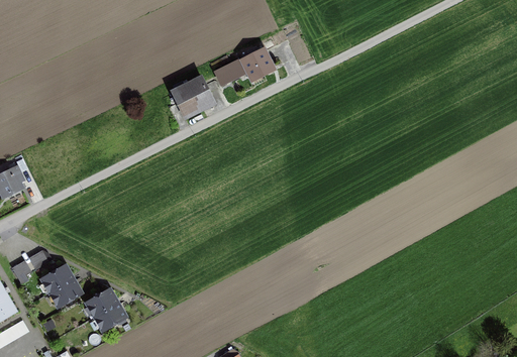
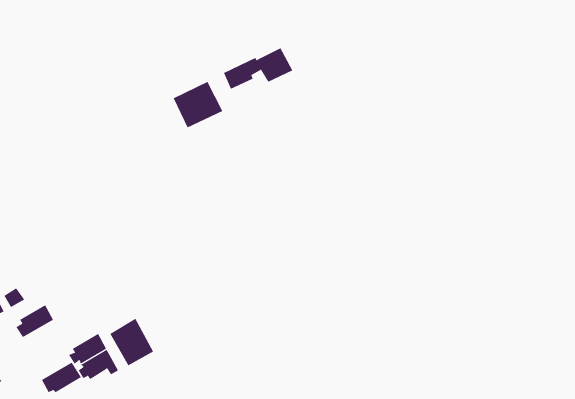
building: none -> [109,318,154,366]
building: [45,278,80,305] -> [41,362,82,393]

